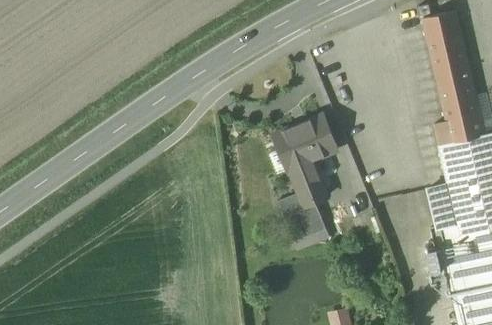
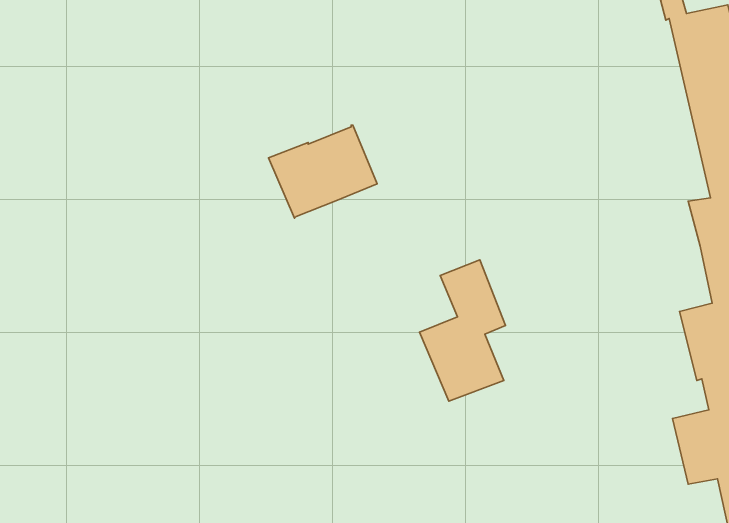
building: [273,116,336,170] -> [269,125,377,218]

